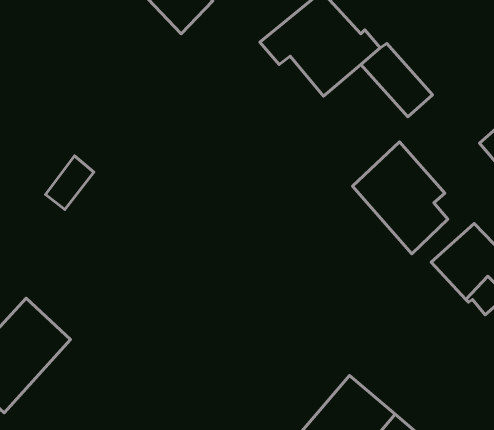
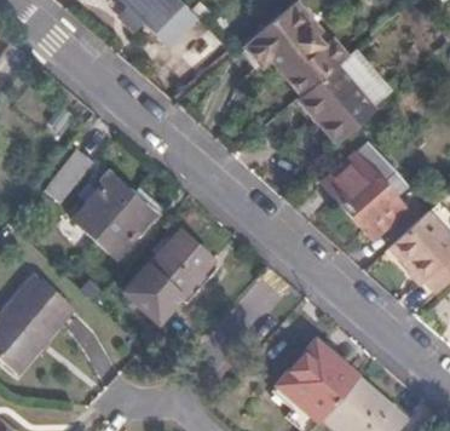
building: none -> [292,70,369,150]
building: none -> [75,177,155,255]
building: none -> [127,231,221,328]

